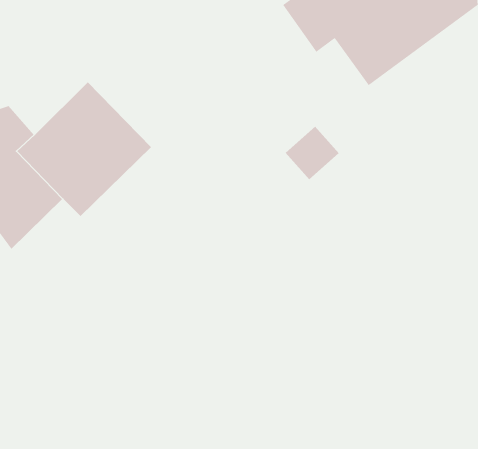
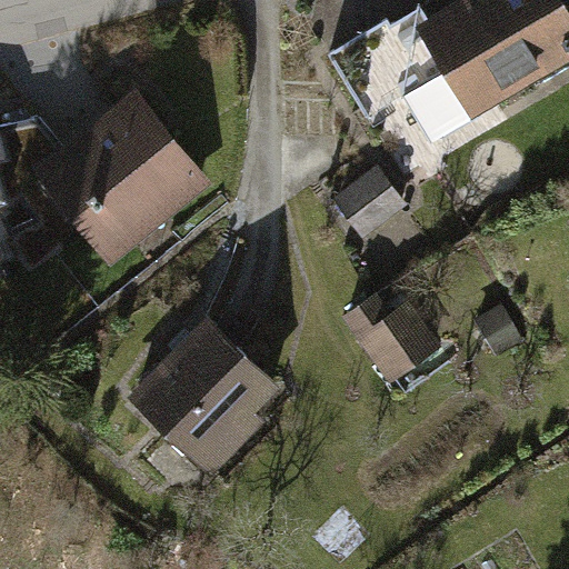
building: none -> [346,301,437,381]
building: none -> [132,311,291,469]

